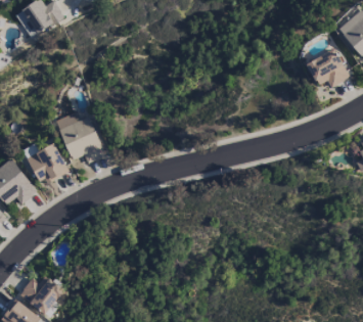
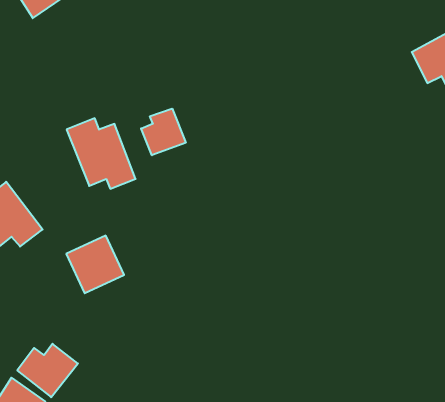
building: none -> [141,109,186,155]
building: [27,143,69,185] -> [66,236,124,293]

